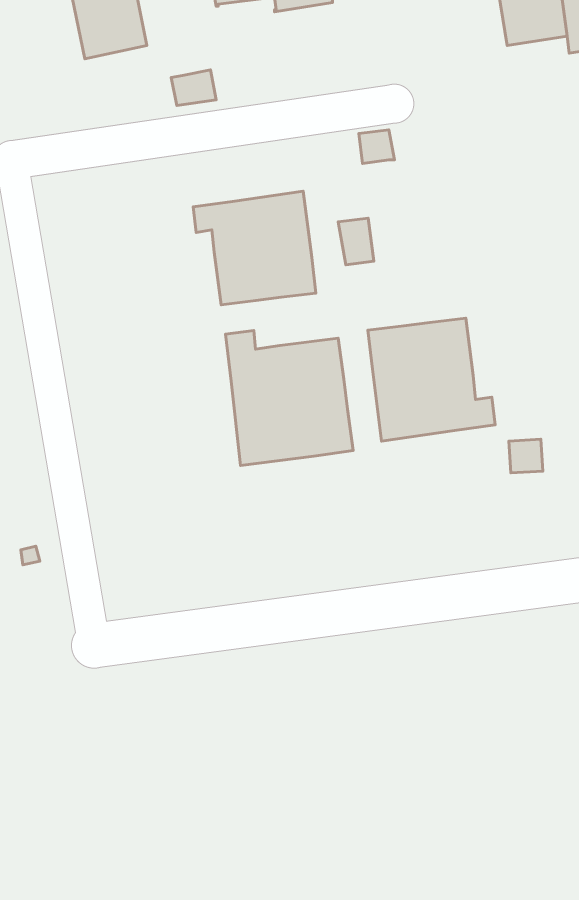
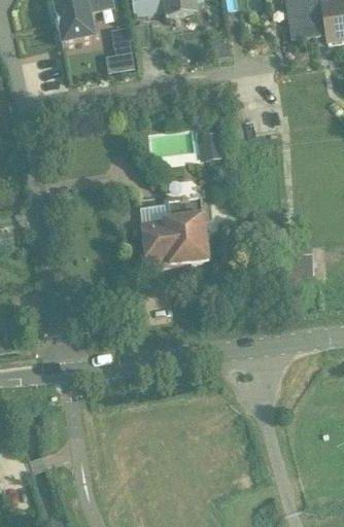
building: [193,191,316,305] -> none
building: [368,318,495,441] -> none

